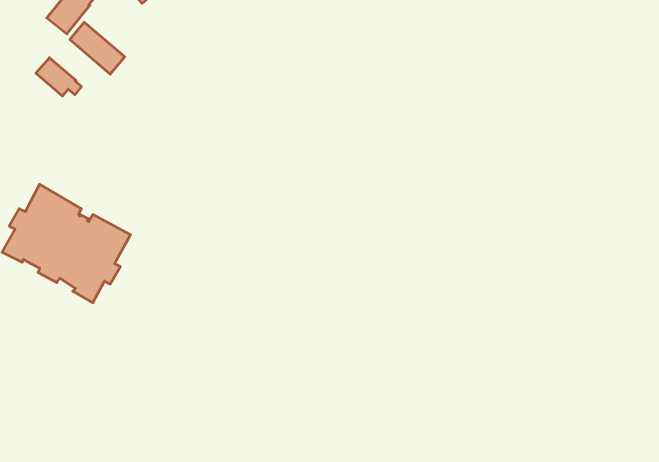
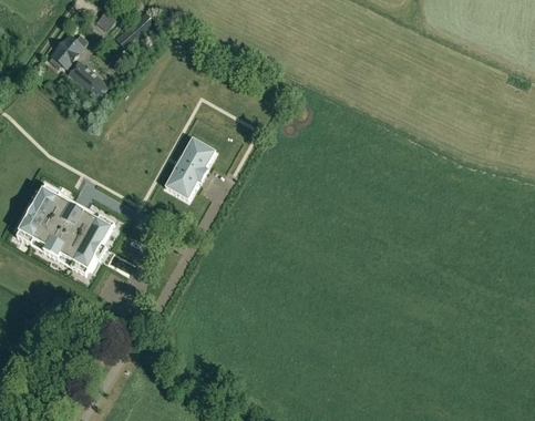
building: [36,58,81,96] -> none
building: none -> [165,137,215,199]

